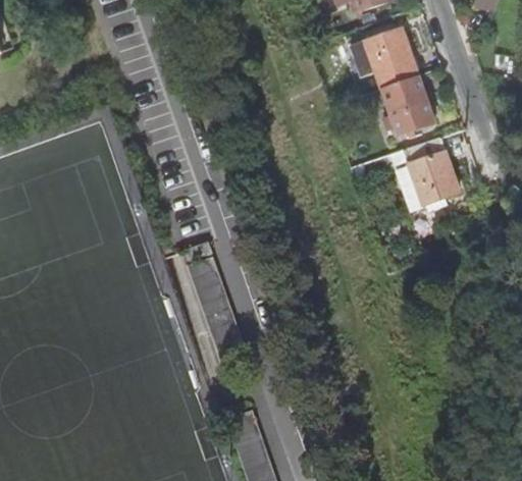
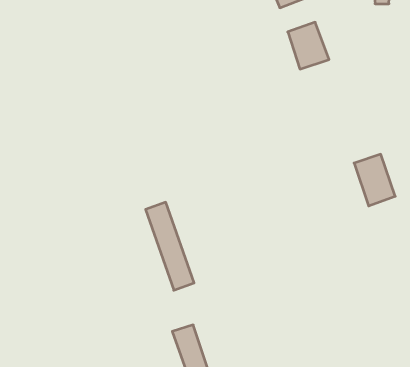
building: [381,76,432,136] -> none
building: [405,140,457,205] -> [354,154,395,206]

